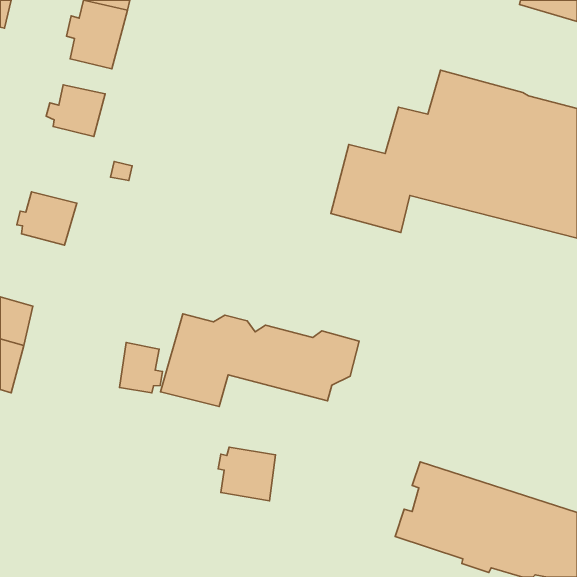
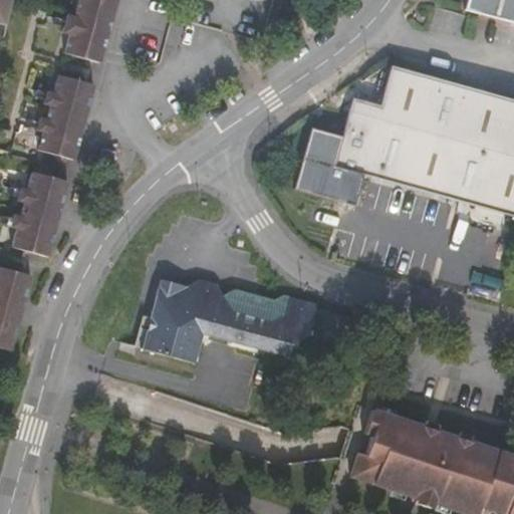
building: none -> [34,112,83,158]
building: none -> [9,208,57,254]
building: [119,342,163,393] -> none
building: [218,447,276,501] -> none

